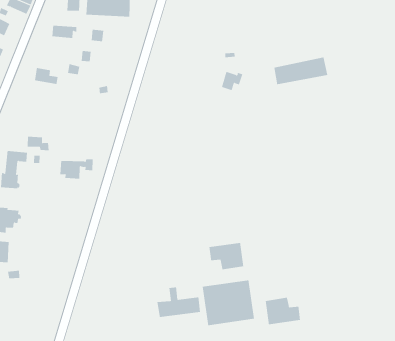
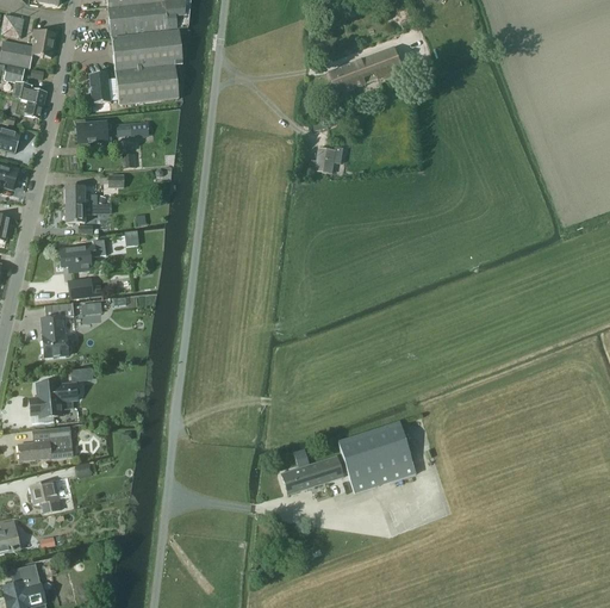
building: [273,57,328,85] -> [329,44,404,93]
building: none -> [64,203,111,222]
building: [60,159,93,179] -> [60,238,106,271]
building: [209,242,244,270] -> none
building: [265,297,301,325] -> none

